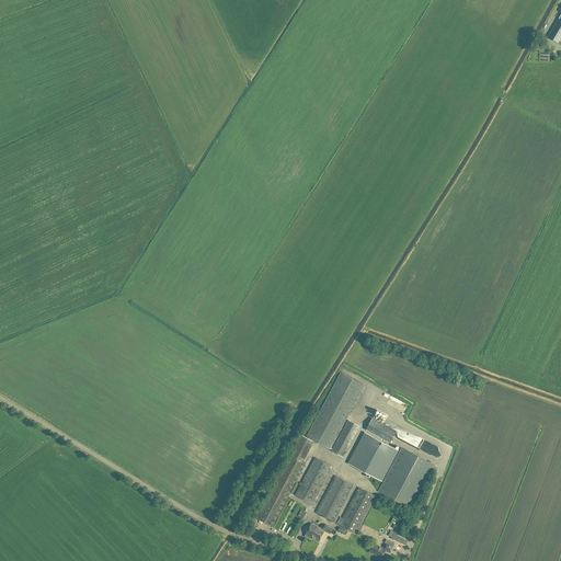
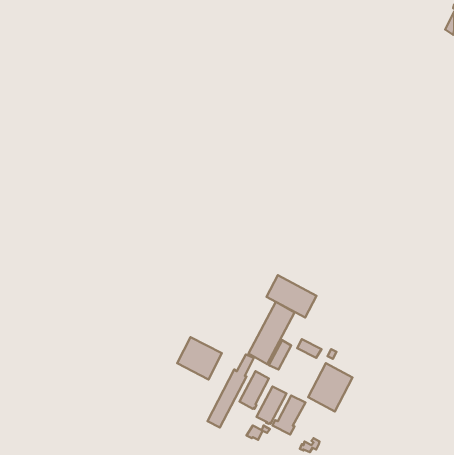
building: none -> [266,275,317,318]
building: none -> [177,337,222,379]
building: [347,433,398,482] -> none

